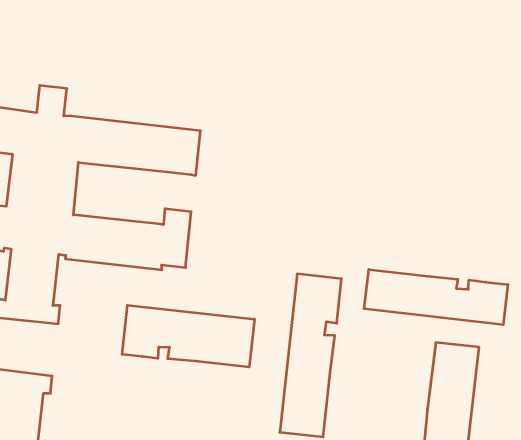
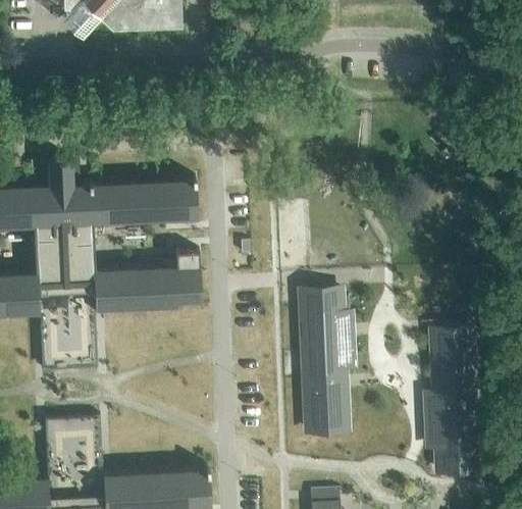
building: [364,269,508,325] -> none
building: [122,305,254,367] -> none

